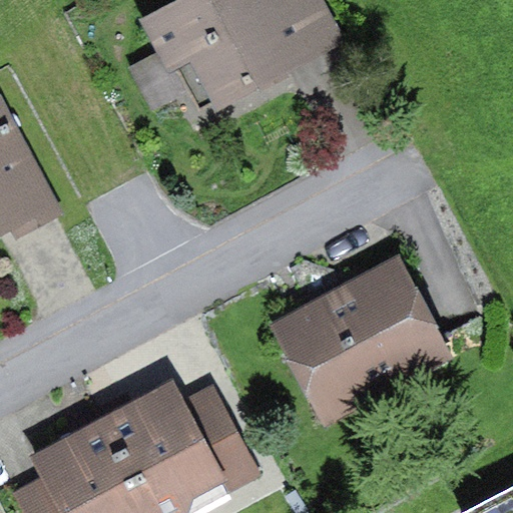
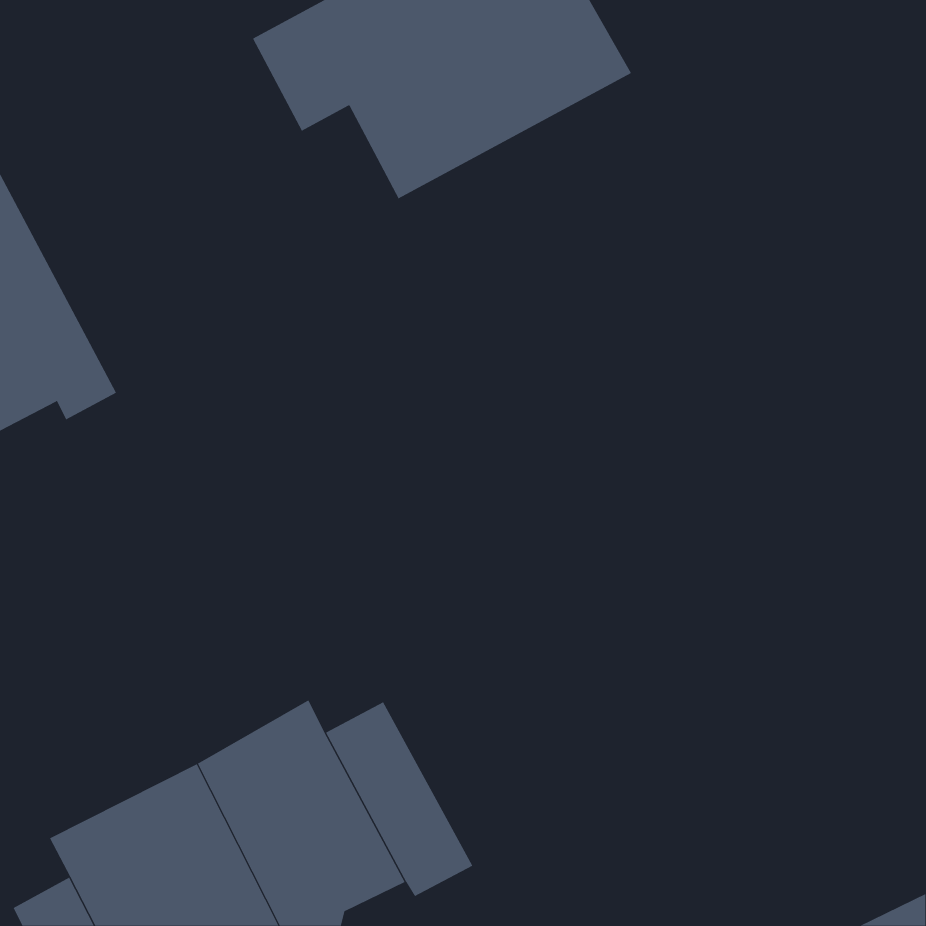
building: [267,259,449,426] -> none

